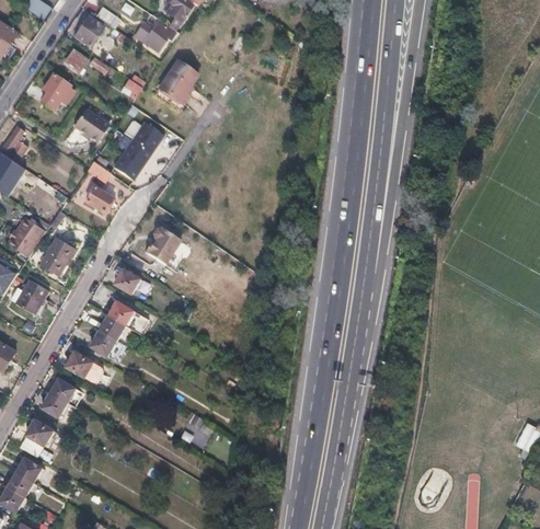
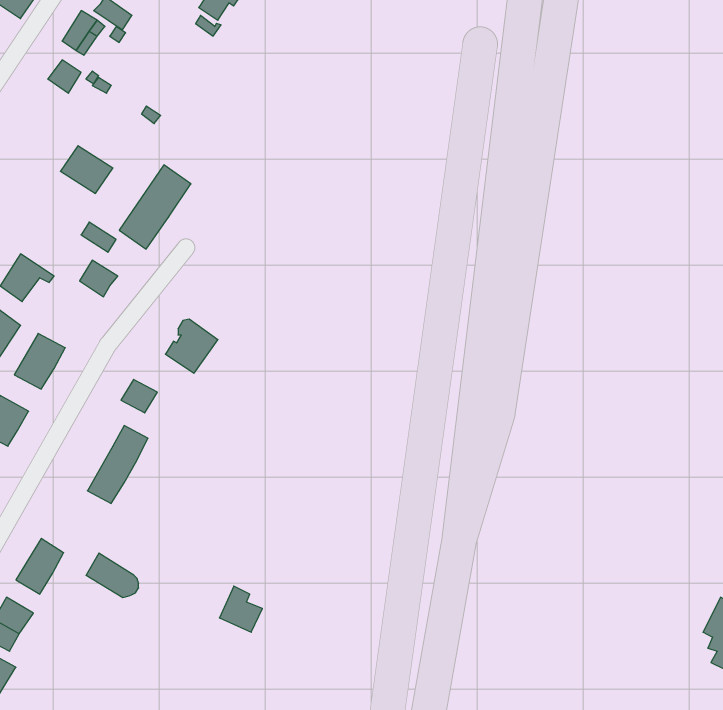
building: [142,22,173,51] -> none
building: [158,60,196,103] -> none
building: [41,73,72,108] -> none
building: [66,350,102,381] -> [86,553,139,598]

